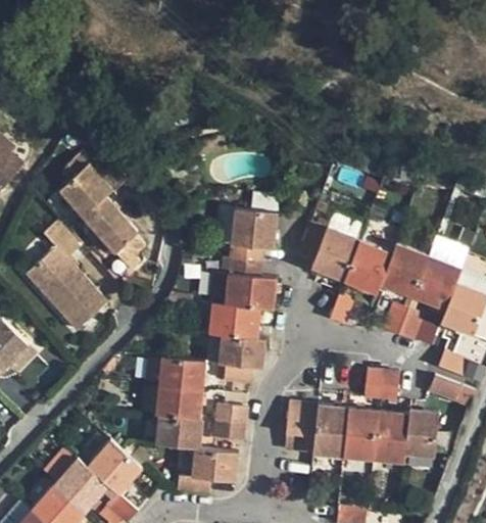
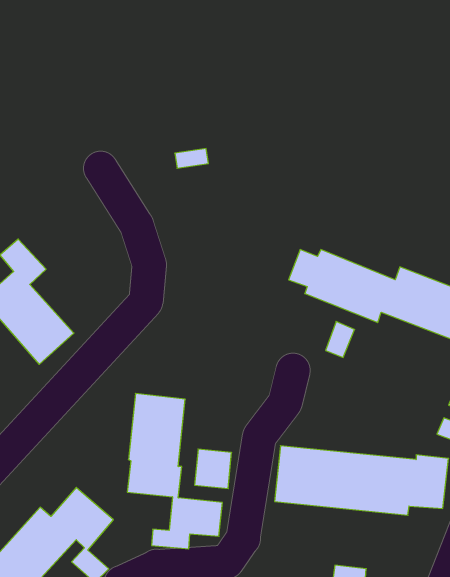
building: [60,154,145,271] -> none
building: [208,209,277,384] -> none
building: [380,300,424,340] -> none
building: [362,370,397,400] -> none

